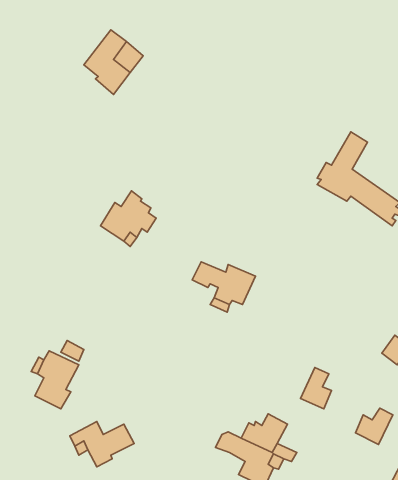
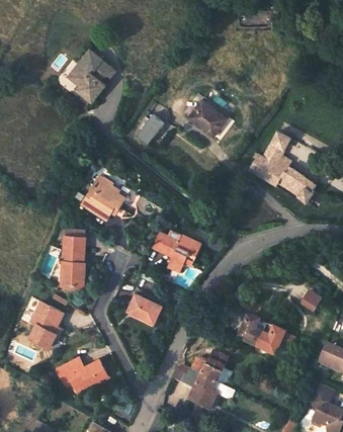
building: none -> [183,93,233,140]
building: none -> [135,114,163,145]
building: none -> [62,236,86,285]
building: none -> [127,293,162,324]
building: [355,408,393,444] -> [256,328,285,356]

